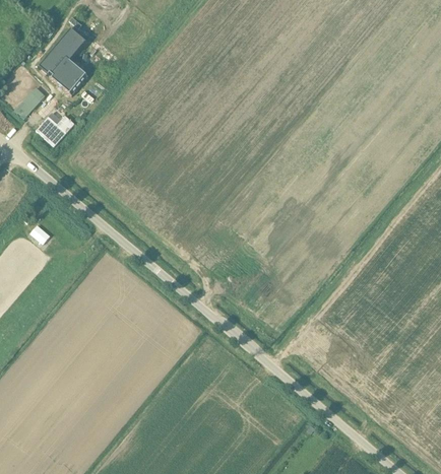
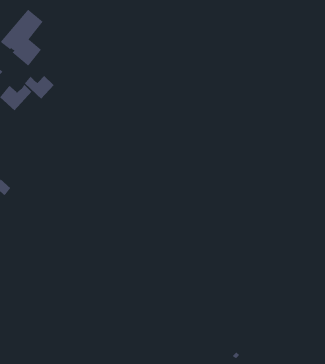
building: none -> [24,75,55,99]

